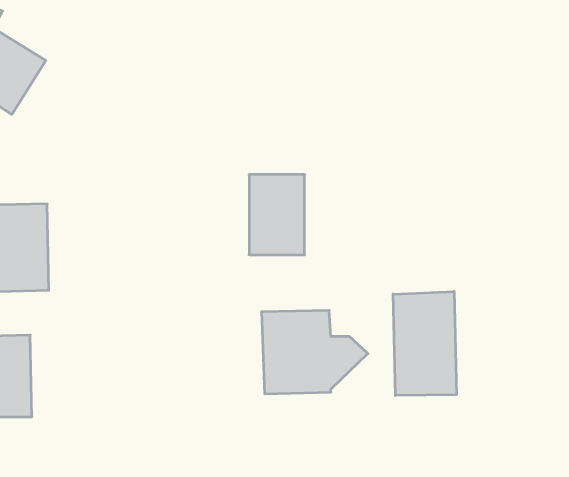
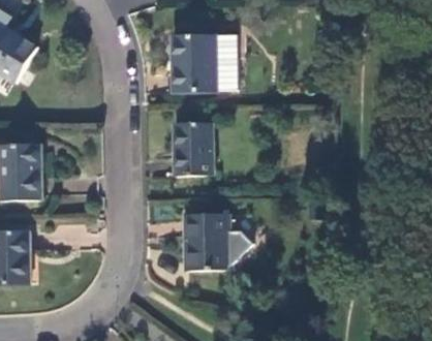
building: none -> [172,34,237,93]
building: [393,291,456,396] -> none

